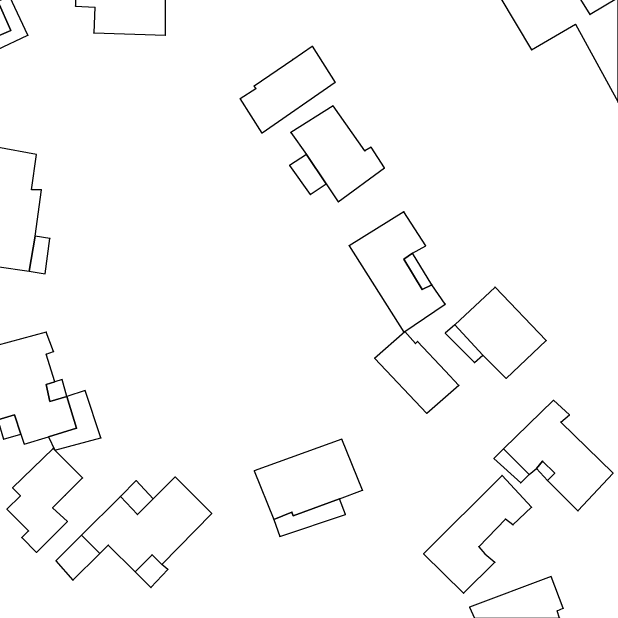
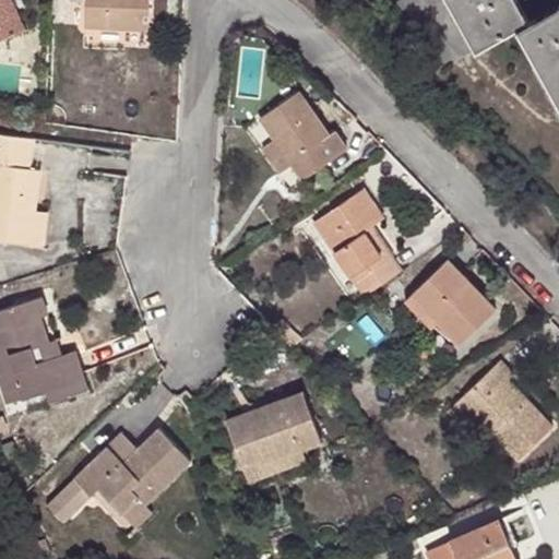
building: [240,46,335,133] -> none
building: [375,332,459,413] -> none
building: [7,448,83,552] -> none
building: [424,475,532,593] -> none

